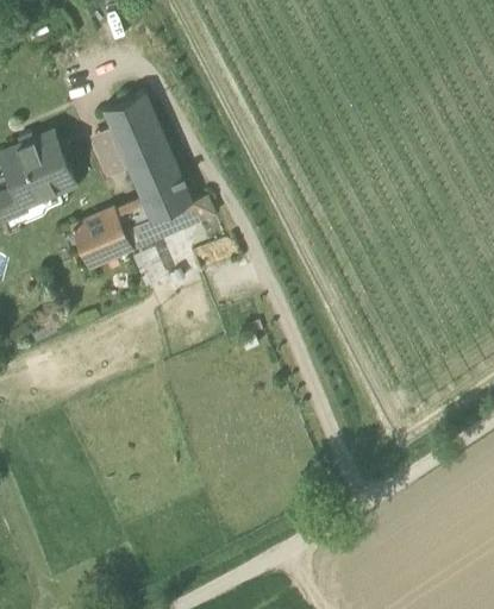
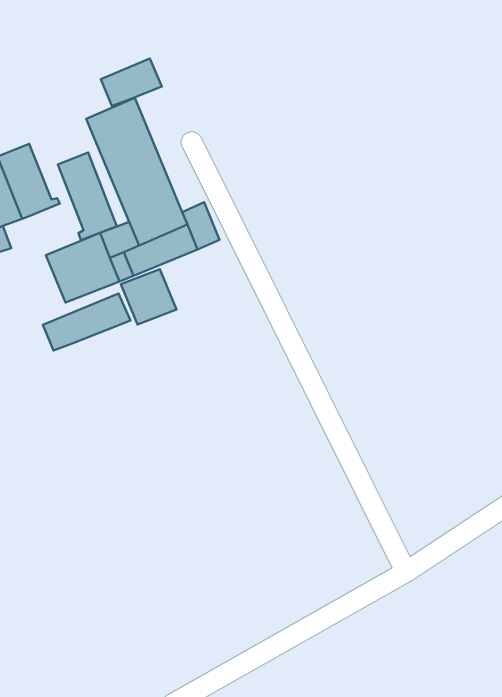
building: none -> [101,59,162,106]
building: none -> [58,152,117,240]
building: none -> [43,293,130,351]

